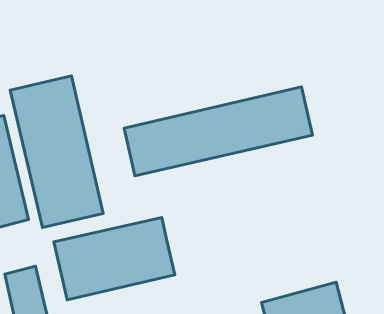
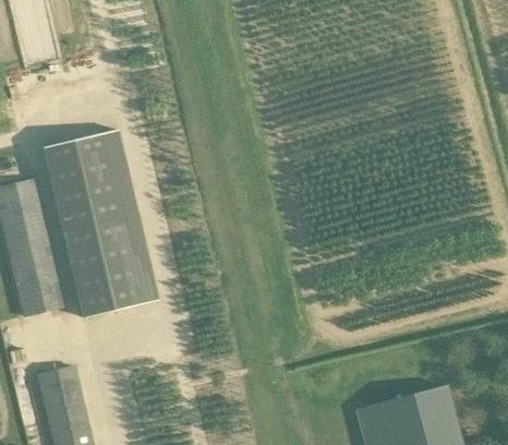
building: [124,87,313,176] -> none
building: [54,218,175,300] -> none

